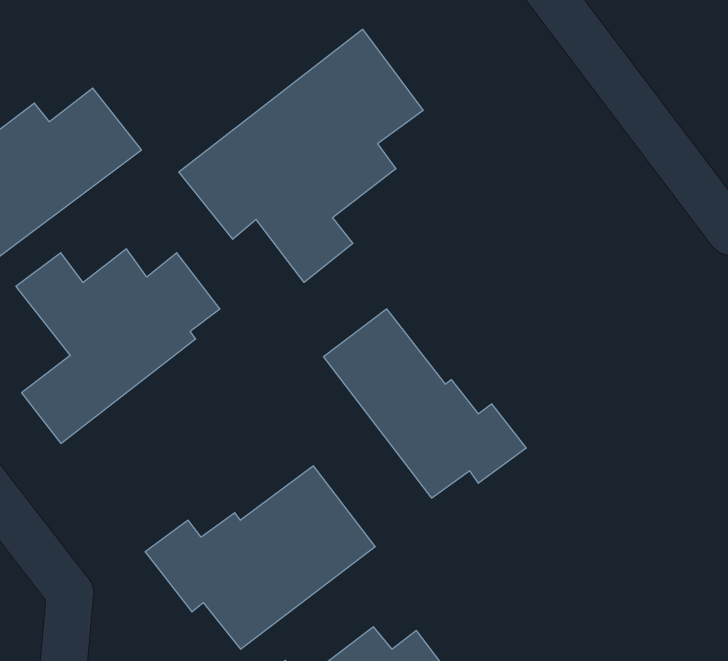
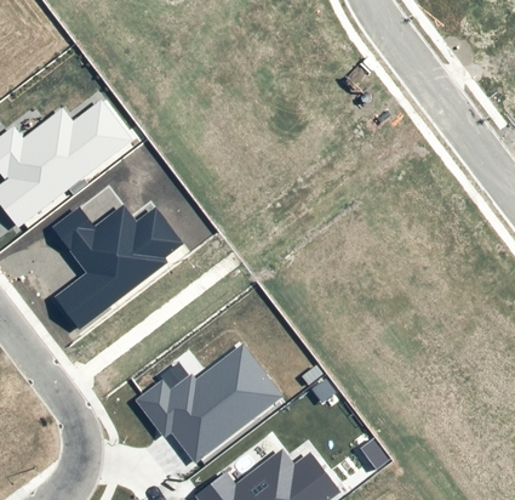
building: [179,29,423,282] -> none
building: [324,309,526,498] -> none

